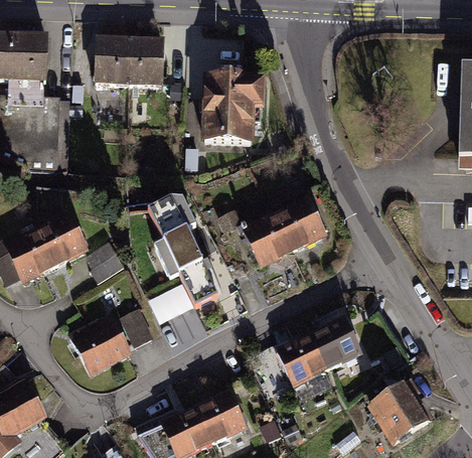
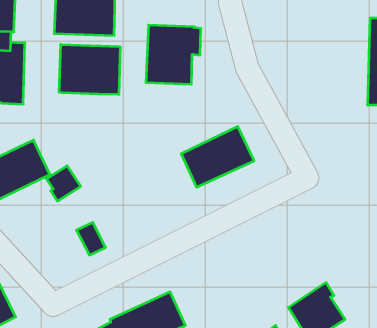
building: none -> [59,44,120,95]
building: [145,198,218,325] -> none
building: [273,314,362,389] -> none
building: [66,316,131,375] -> none

